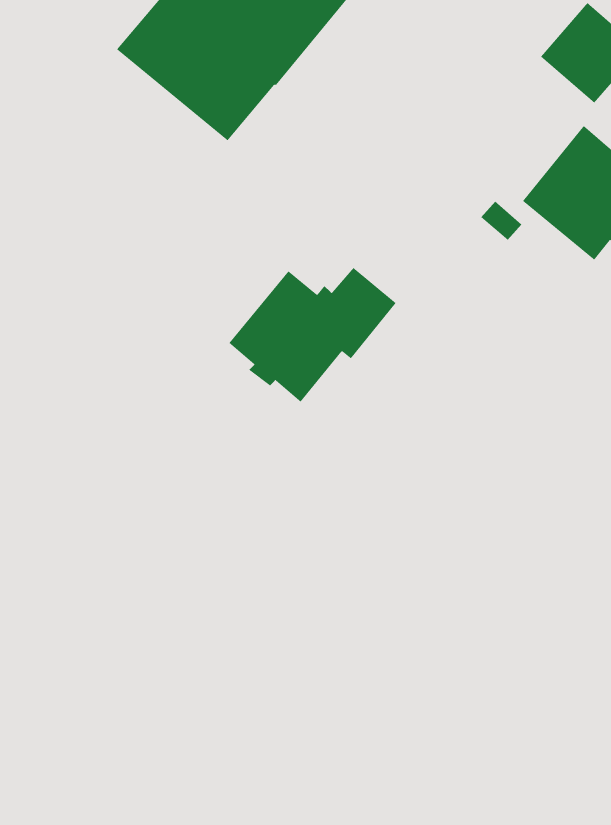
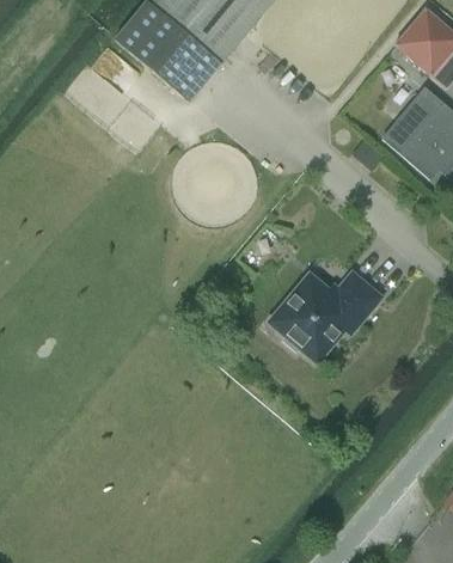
building: [229,267,396,402] -> [270,271,381,361]

